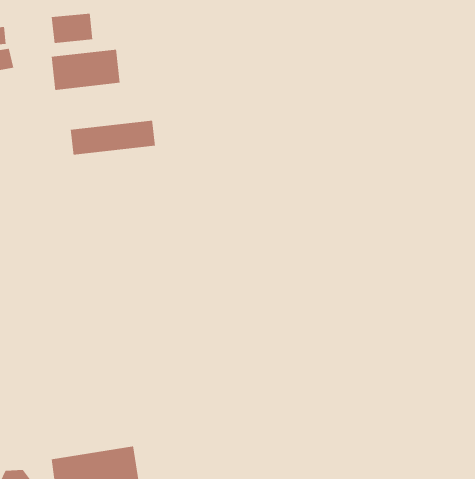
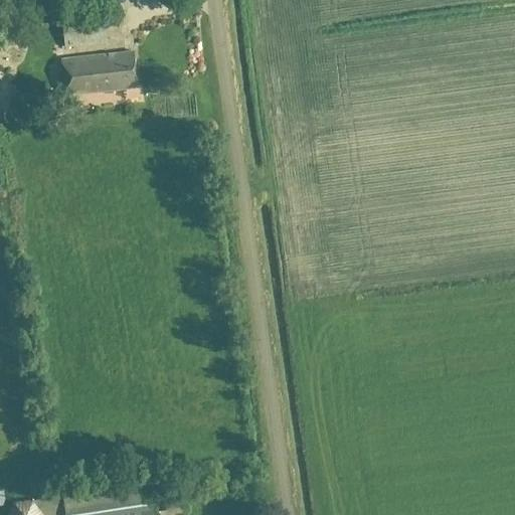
building: [70,120,156,156] -> none

